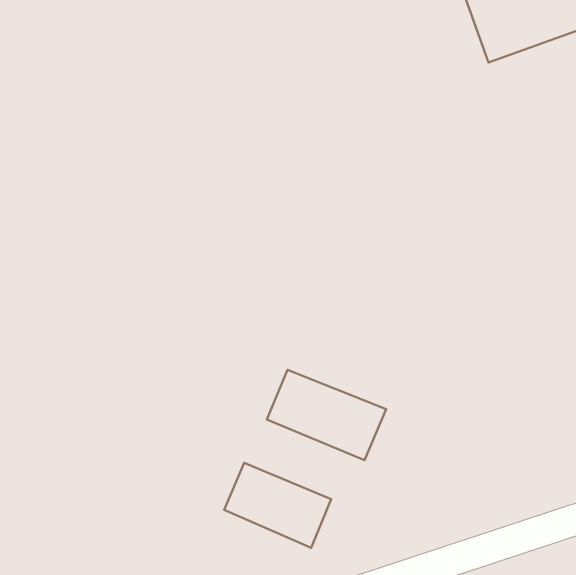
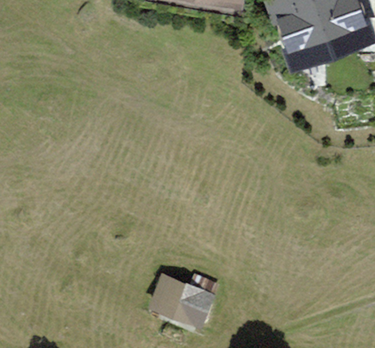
building: [267,370,386,460] -> none

